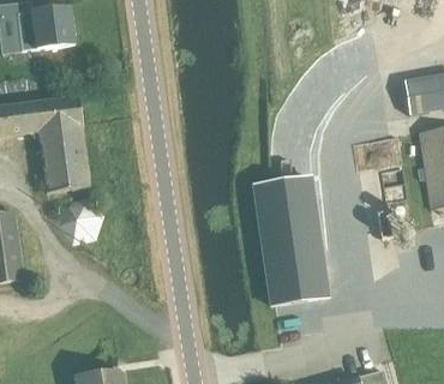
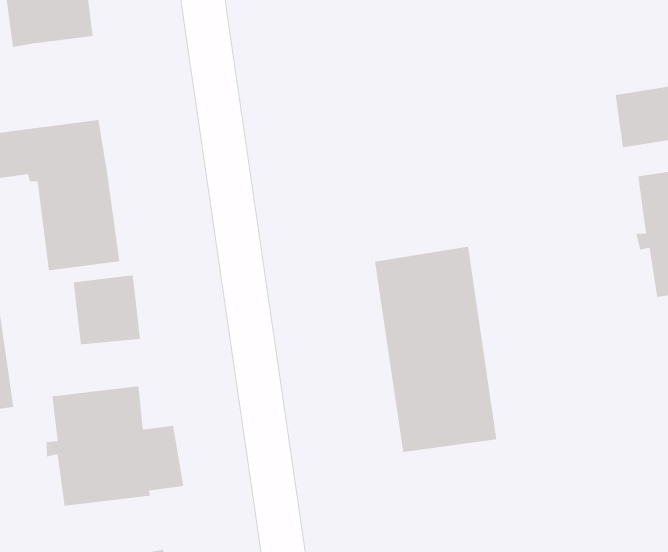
building: none -> [46,386,184,506]

